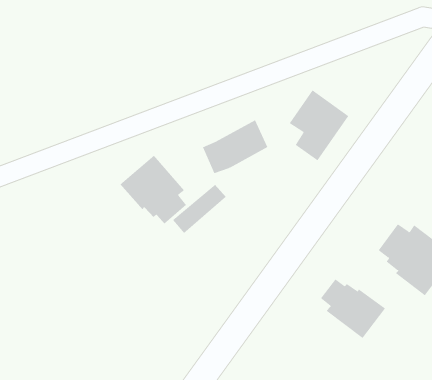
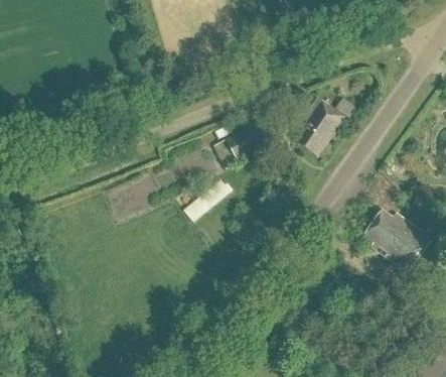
building: [119,155,187,224] -> none
building: [320,279,386,339] -> none

